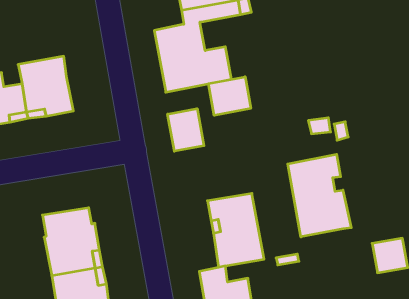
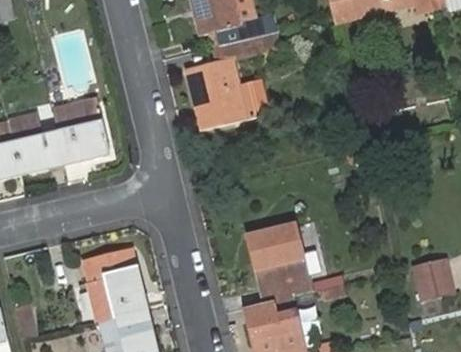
building: [209,77,251,115] -> none
building: [168,109,204,151] -> none
building: [288,154,351,237] -> none

